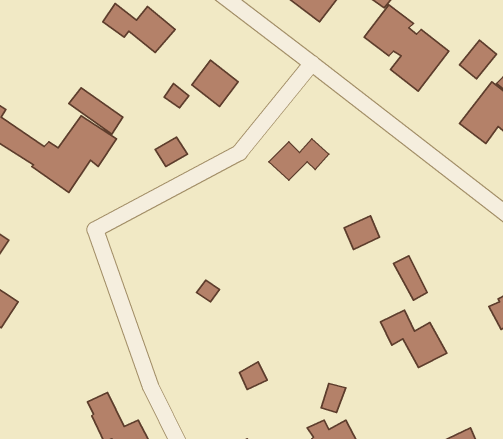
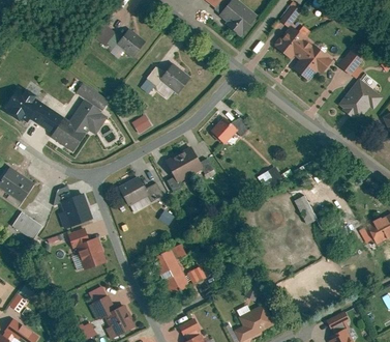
building: none -> [166,146,213,191]
building: none -> [119,175,163,205]
building: none -> [63,195,91,225]
building: none -> [67,229,106,269]
building: [381,310,447,367] -> none
building: none -> [149,244,191,296]

